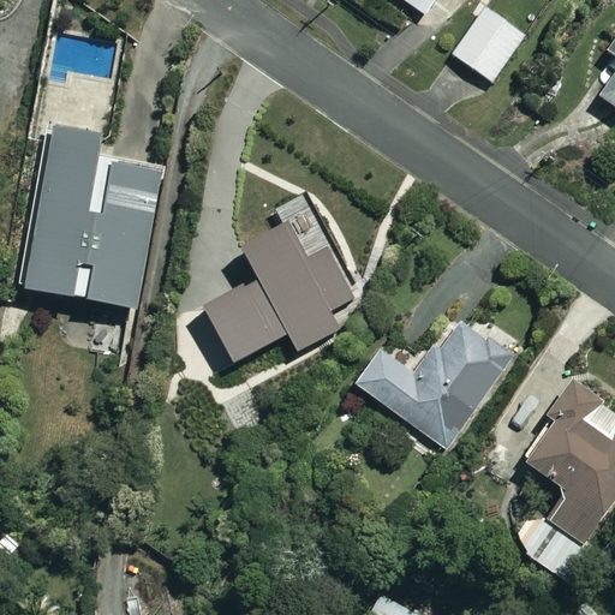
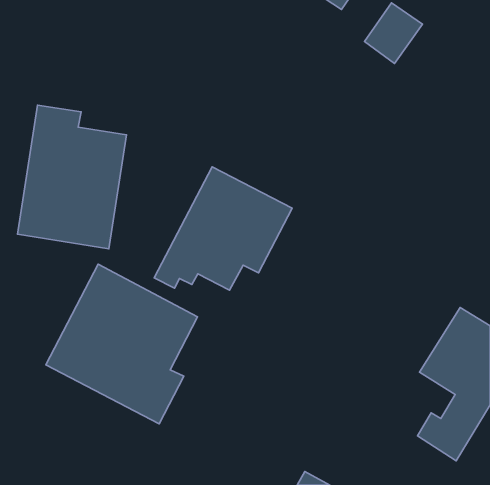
building: [358,320,513,447] -> none
building: none -> [46,264,198,424]

